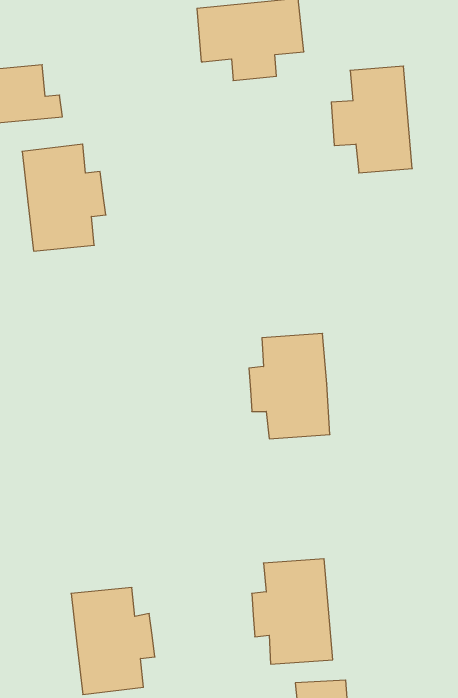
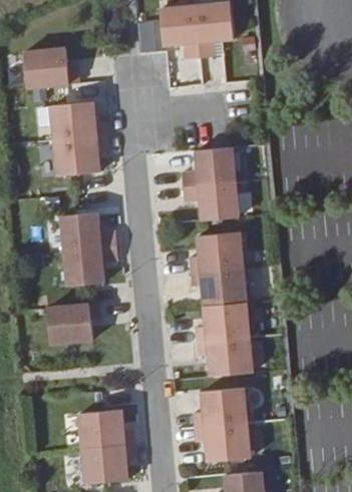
building: [331,66,412,173] -> [190,147,246,221]
building: none -> [52,211,110,287]
building: none -> [37,302,91,345]
building: none -> [203,303,259,377]

